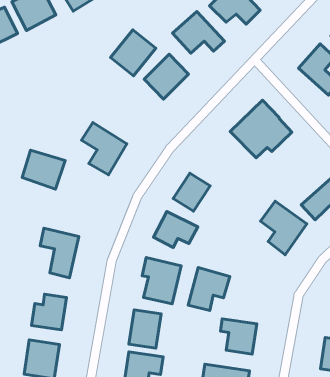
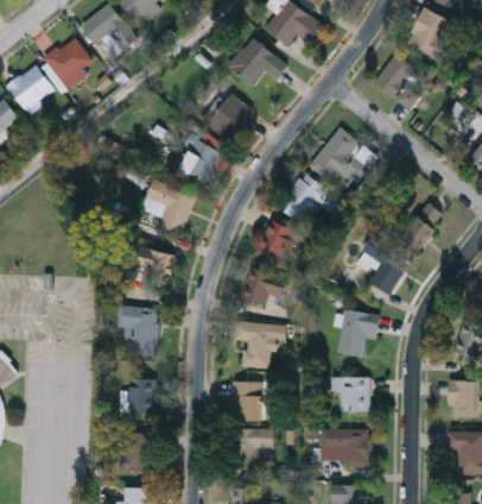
building: [111,30,156,76] -> [173,134,222,185]
building: none -> [281,174,344,223]
building: [22,150,65,189] -> [129,247,175,286]
building: [188,267,230,311] -> [338,310,380,357]

